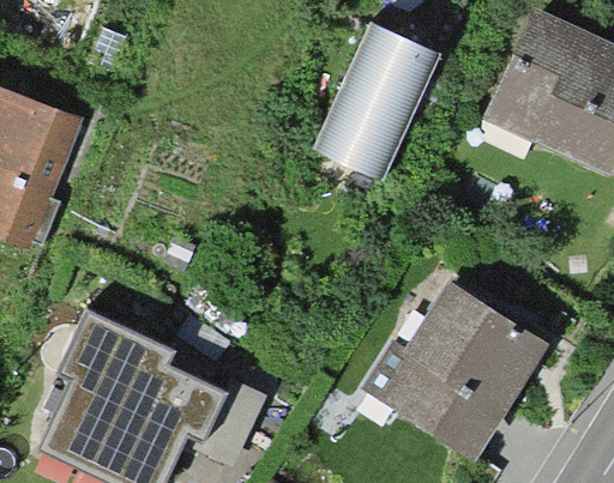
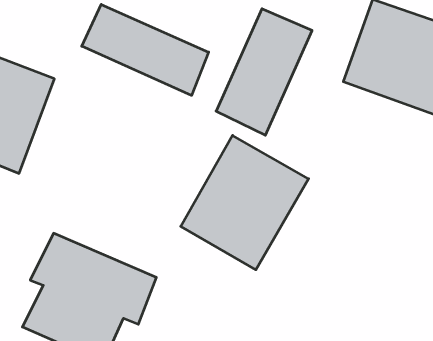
building: none -> [82,4,209,95]
building: [362,272,540,458] -> [181,135,309,270]

